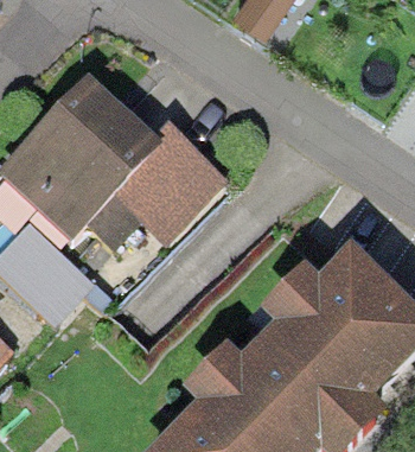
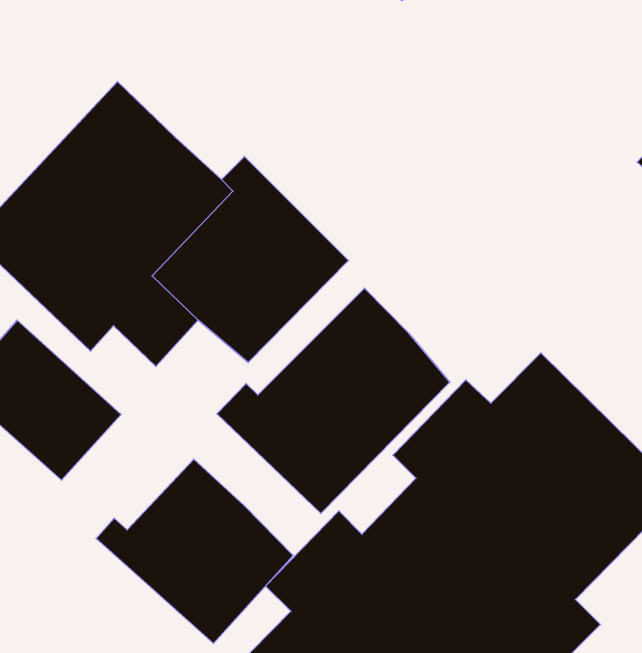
building: none -> [217,288,450,514]
building: none -> [96,459,293,644]

